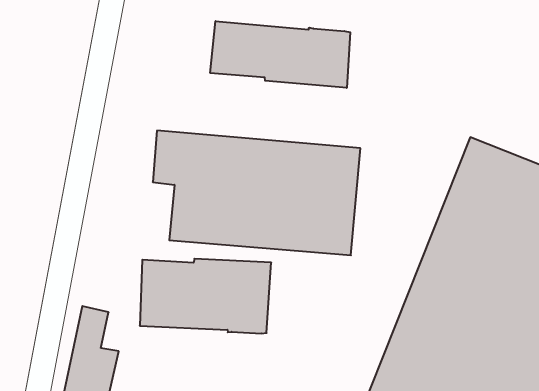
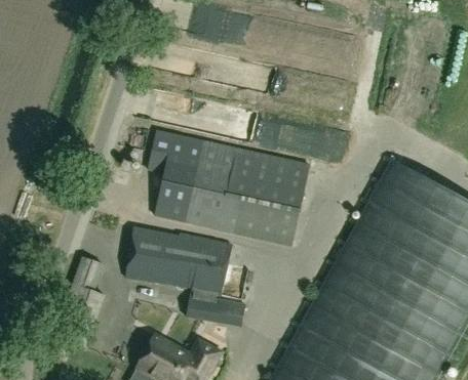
building: [210,21,350,88] -> none
building: none -> [186,290,245,327]

